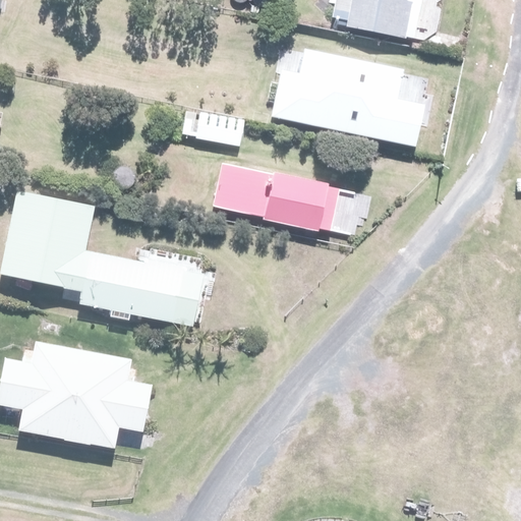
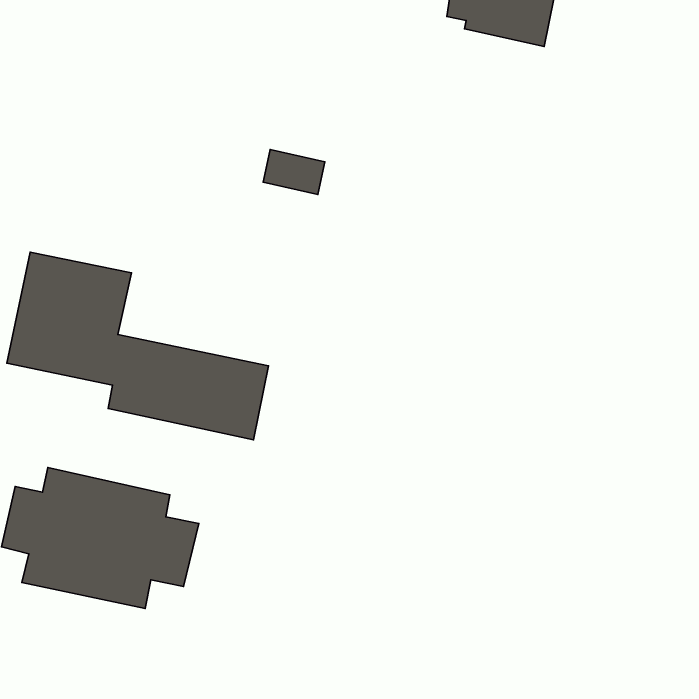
building: [271,48,422,146] -> none
building: [211,160,361,234] -> none

